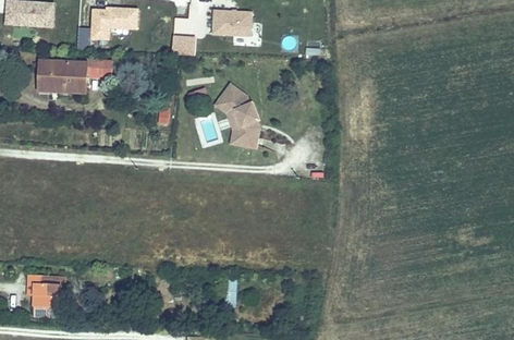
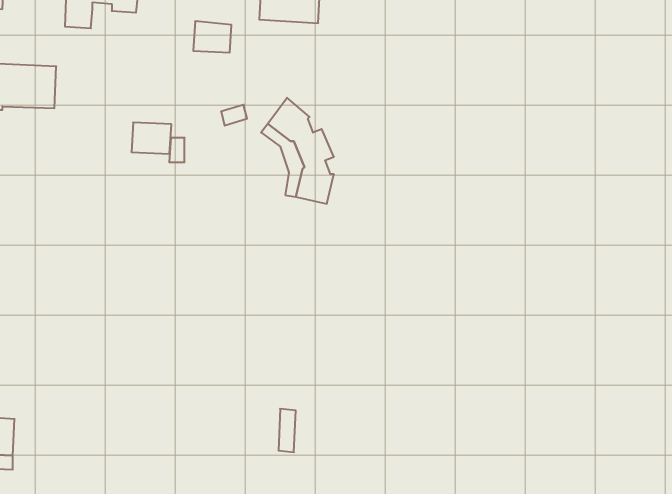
building: [86,57,111,76] -> [131,122,171,154]

